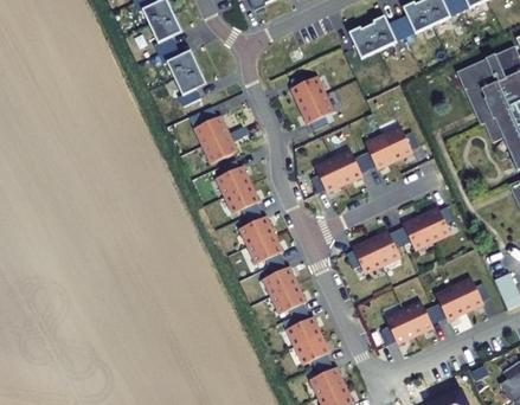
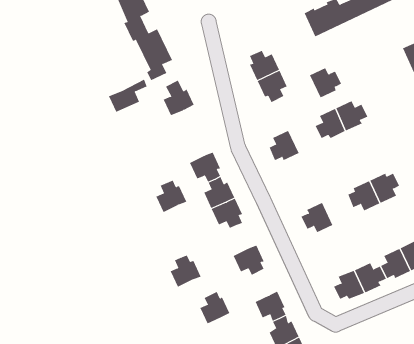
building: [205,126,248,162] -> [108,79,148,113]
building: [333,152,368,185] -> [309,67,342,98]
building: [217,160,251,195] -> [156,180,187,213]
building: [370,230,403,263] -> none
building: [264,261,298,296] -> [170,255,201,288]
building: [288,310,321,346] -> [200,291,230,324]

